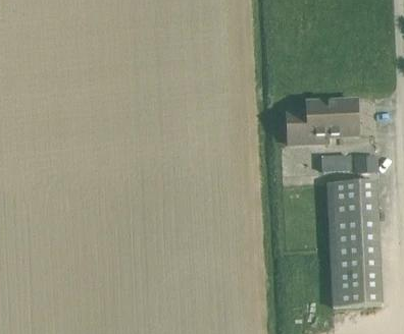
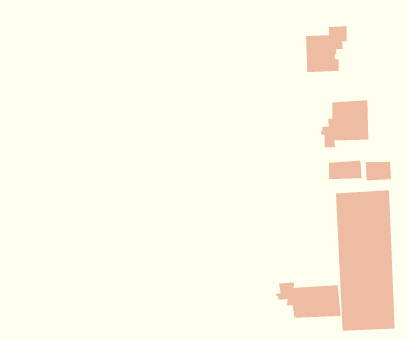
building: [288,102,325,144] -> [305,26,347,72]
building: none -> [276,282,341,318]

